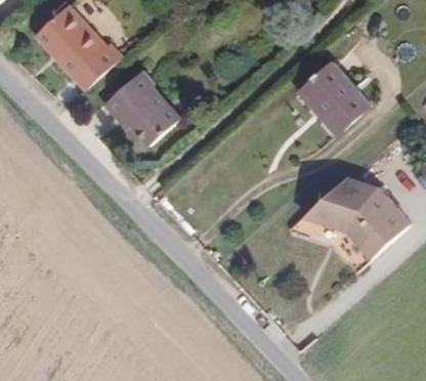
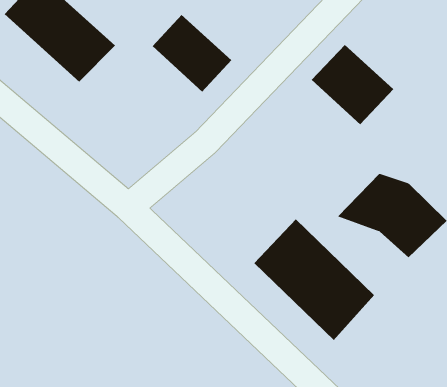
building: [105,71,175,140] -> [152,14,232,92]
building: none -> [253,219,375,341]

